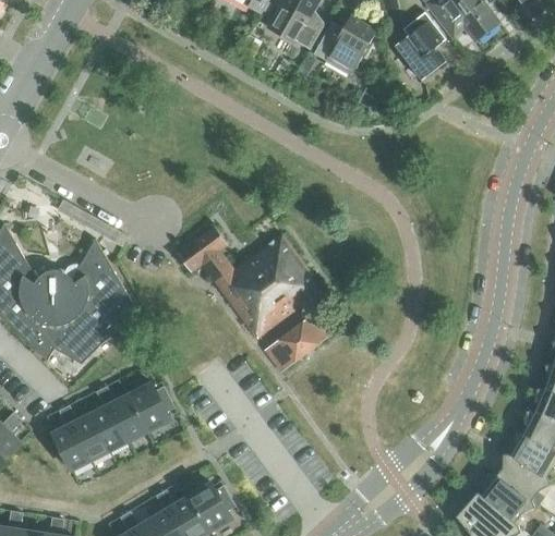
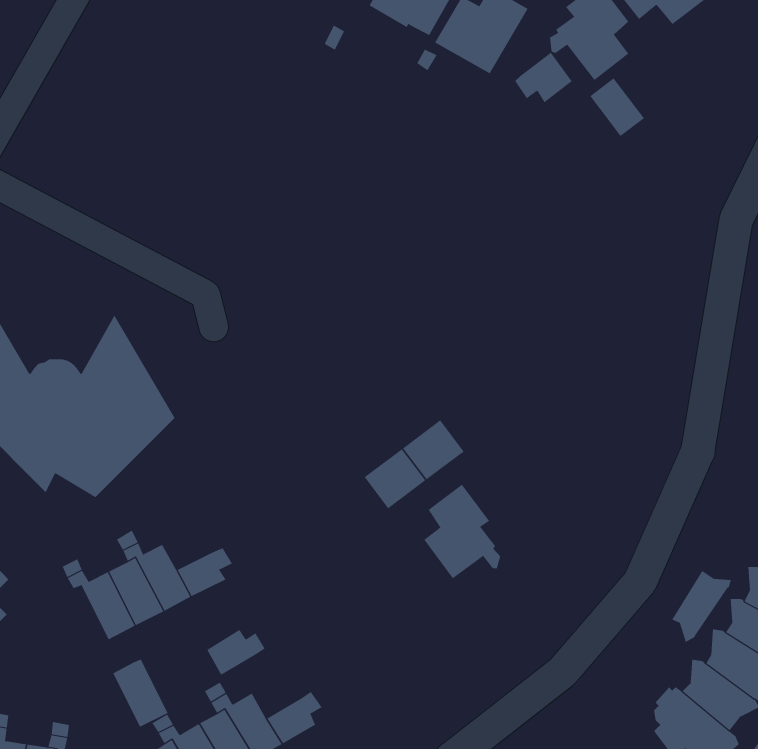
building: none -> [514,52,573,103]
building: none -> [589,77,645,137]
building: [177,227,319,338] -> none
building: none -> [423,484,501,579]
building: [128,382,169,413] -> none
building: none -> [671,570,732,643]
building: [52,424,91,471] -> [112,659,168,728]
building: [189,483,229,514] -> [206,629,265,676]

